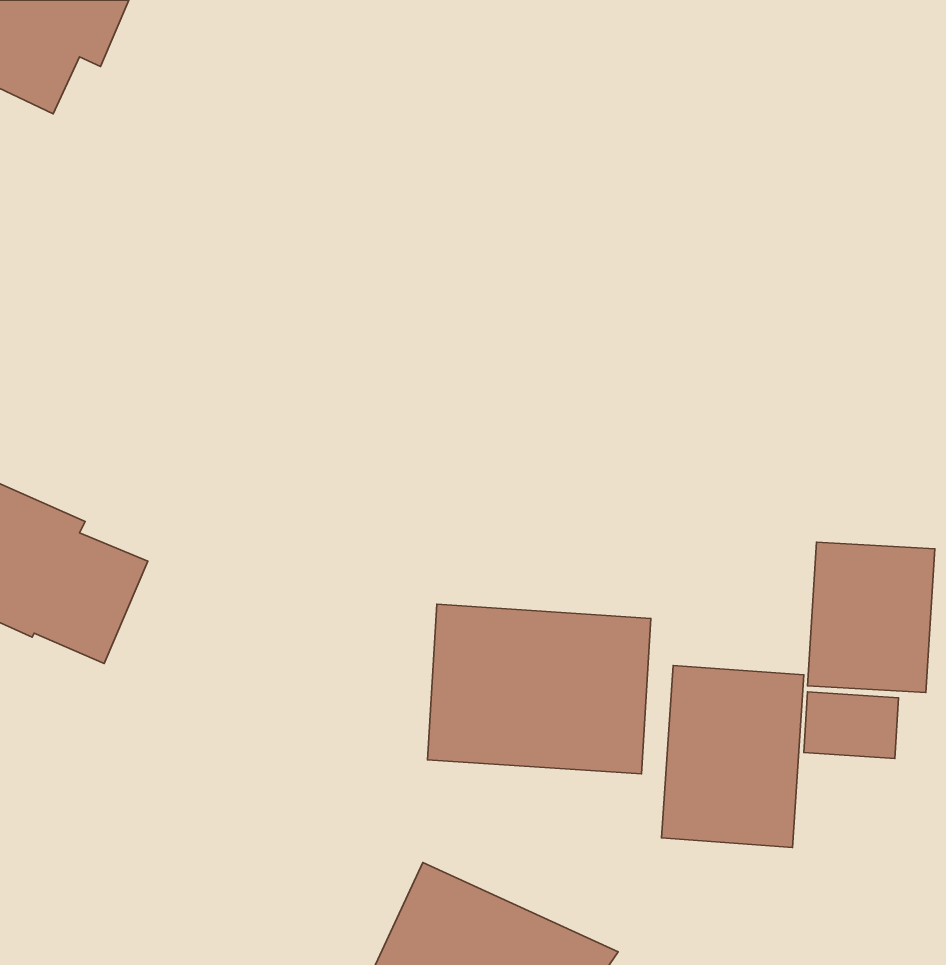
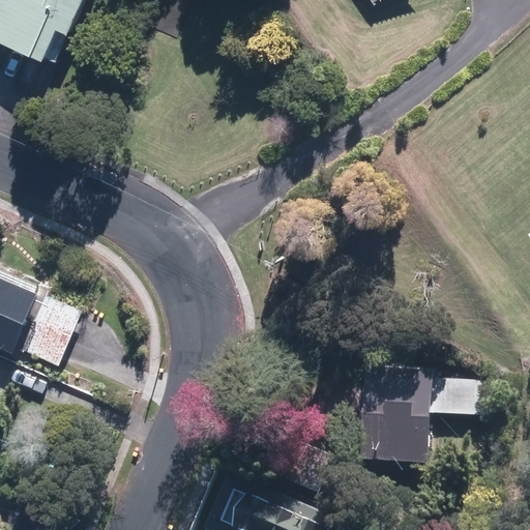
building: [807,542,935,693] -> none
building: [428,604,651,774] -> none

